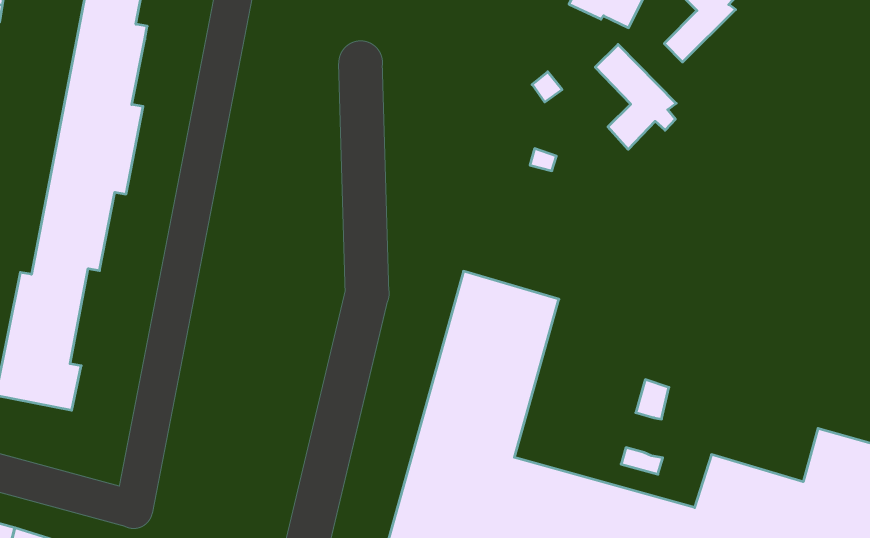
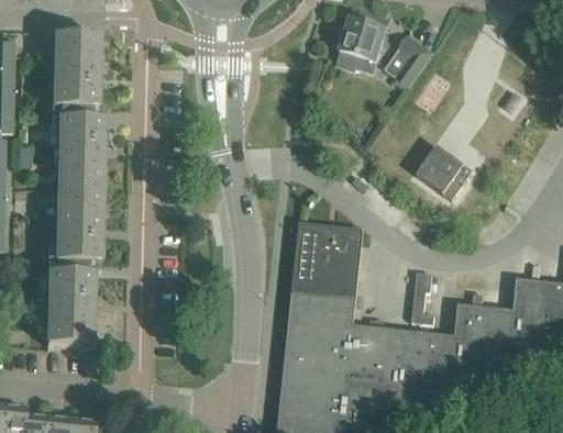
building: [595,44,676,149] -> none
building: none -> [417,142,473,196]

